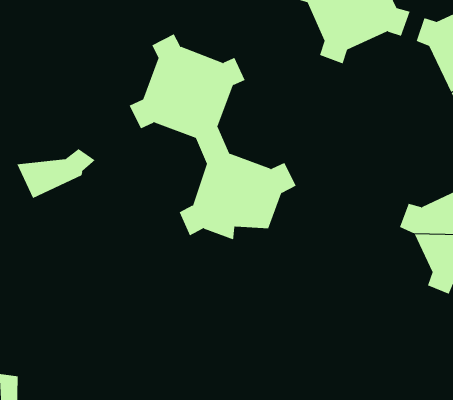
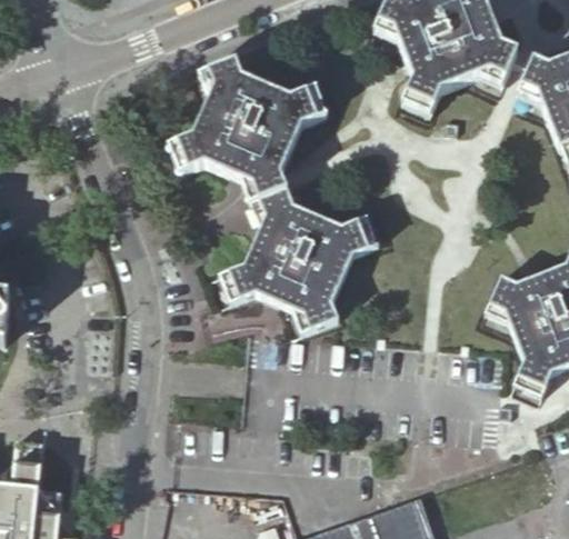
building: [16,148,96,199] -> none
building: none -> [292,290,339,328]

